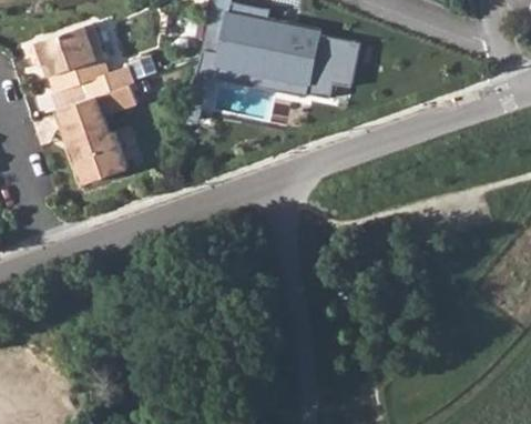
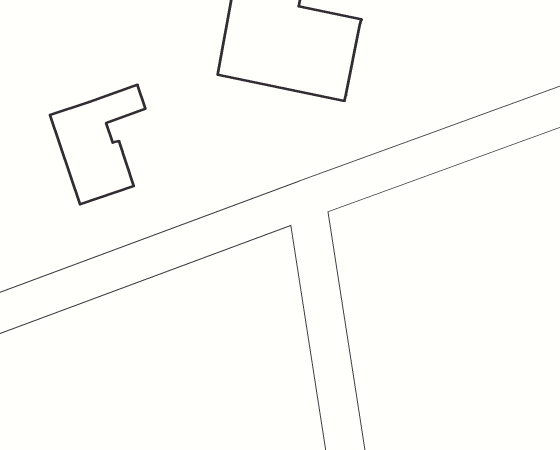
building: [29,24,133,99] -> none
building: [306,32,360,99] -> none

